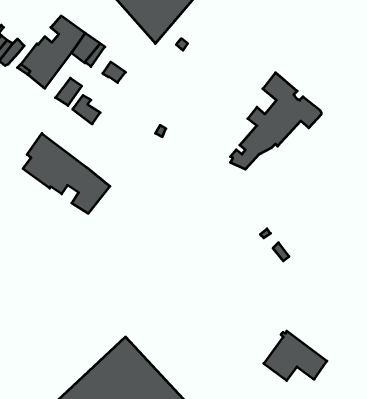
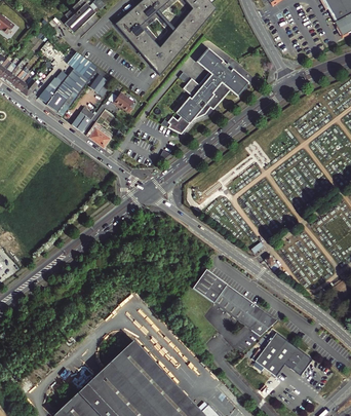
building: [230,73,321,169] -> [167,47,248,134]
building: [23,133,110,213] -> none
building: none -> [193,269,278,337]

